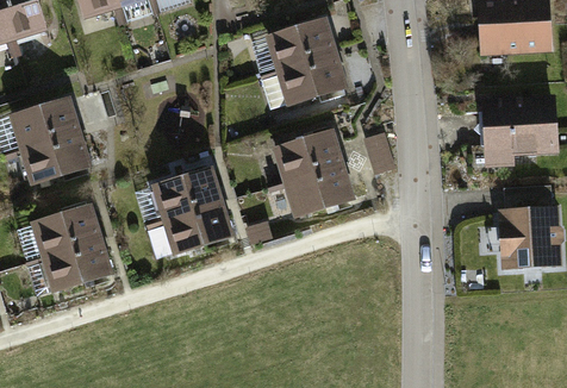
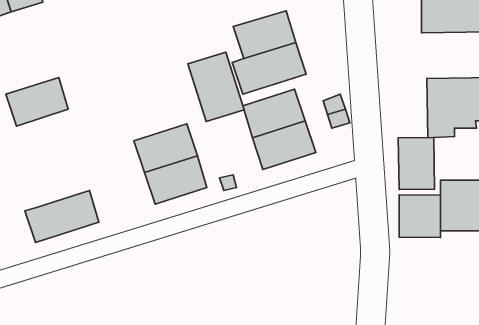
building: none -> [188,52,244,121]
building: [19,140,89,195] -> none
building: none -> [398,138,435,190]
building: [30,196,101,251] -> none
building: none -> [399,195,441,237]

